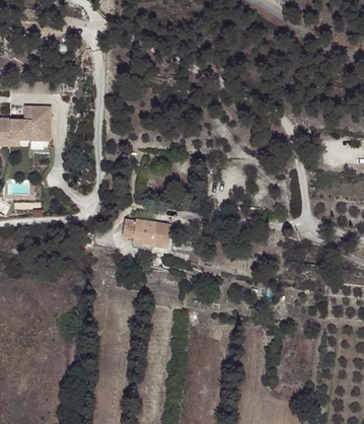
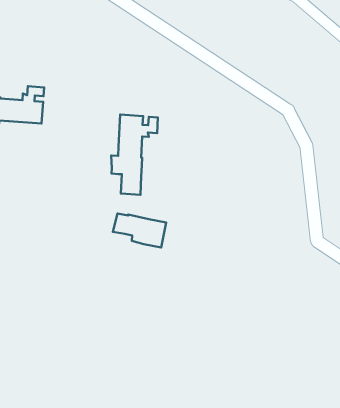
building: none -> [111,115,158,195]

